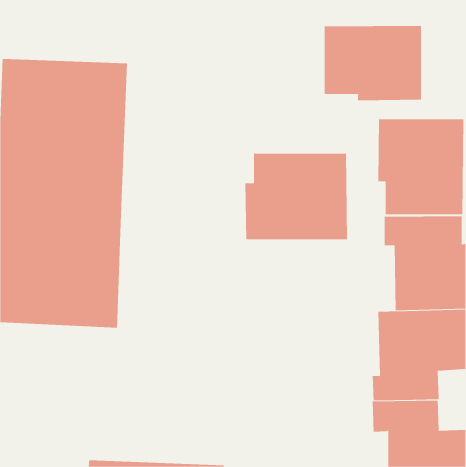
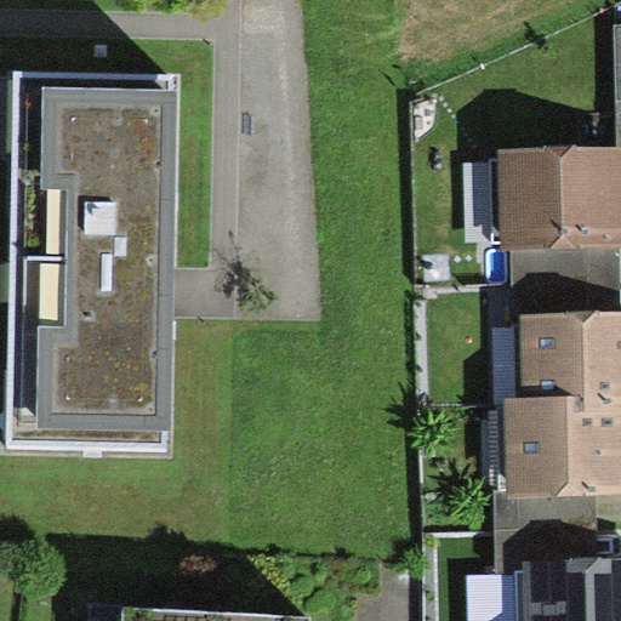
building: [324,25,421,101] -> none
building: [245,153,348,240] -> none

